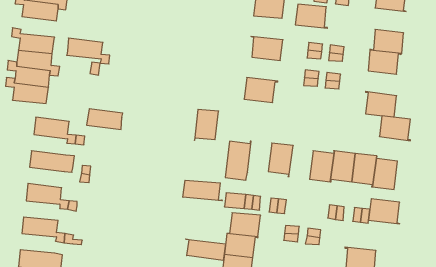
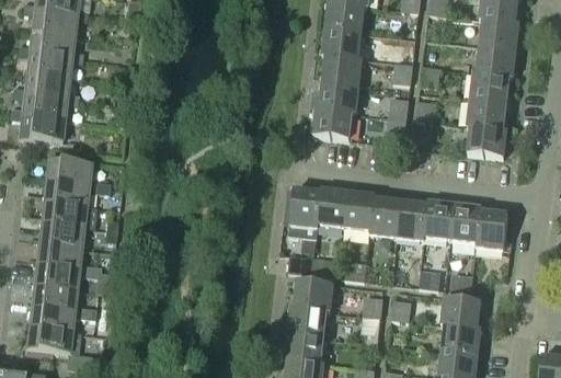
building: [295,4,327,28] -> [321,30,362,60]
building: none -> [479,20,518,51]
building: [67,38,110,64] -> [27,31,82,64]
building: none -> [316,82,358,113]
building: [87,109,123,129] -> [42,181,88,207]
building: [194,109,219,140] -> [317,190,347,229]
building: [379,116,410,141] -> [467,100,506,131]
building: none -> [369,195,400,238]
building: none -> [37,222,83,249]
building: [183,180,222,201] -> none
building: [369,199,400,224] -> [440,297,480,329]
building: none -> [32,265,78,290]
building: none -> [27,307,73,332]
building: [186,239,226,260] -> none

